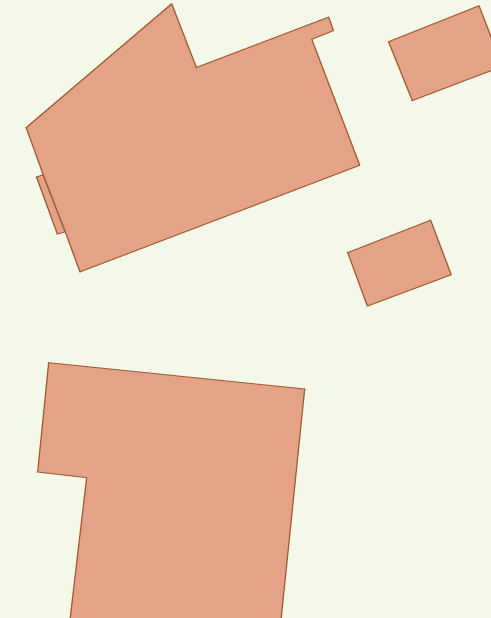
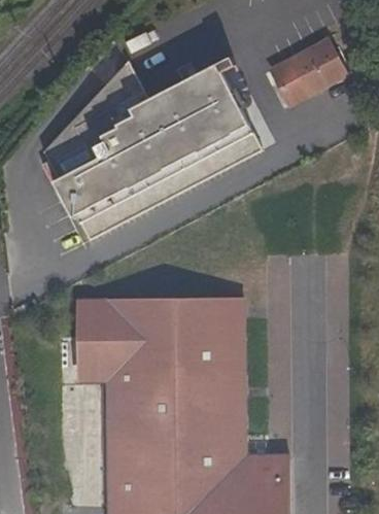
building: [348,220,451,306] -> none

